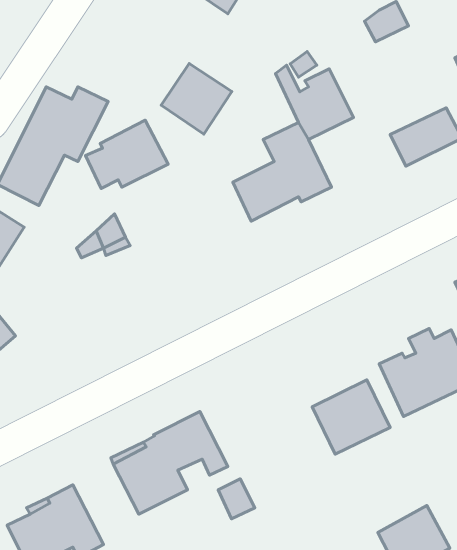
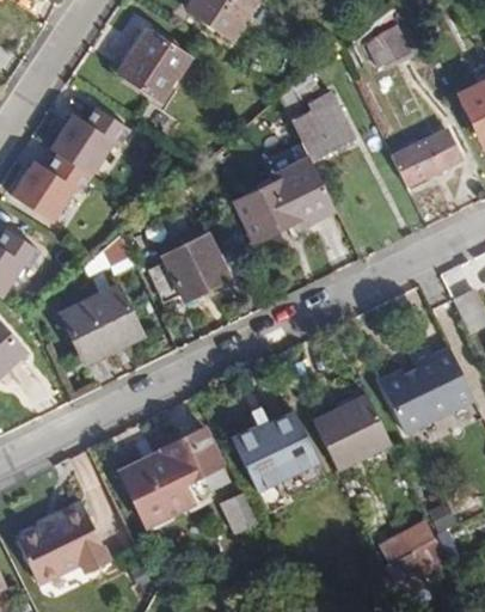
building: [161,64,232,134] -> [121,32,190,102]
building: [85,120,168,189] -> [149,235,231,302]
building: none -> [62,287,143,365]
building: none -> [234,415,318,491]

